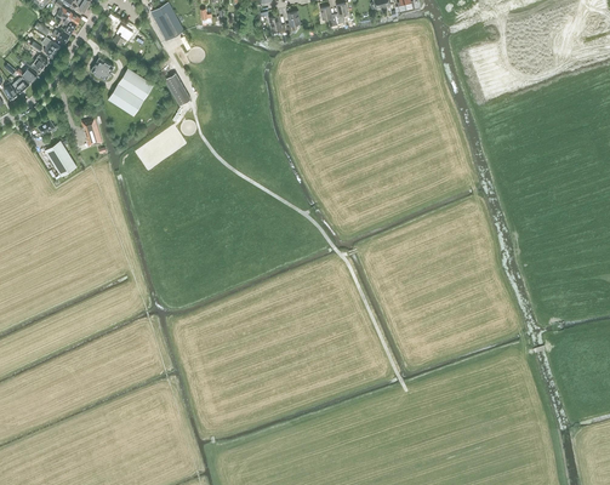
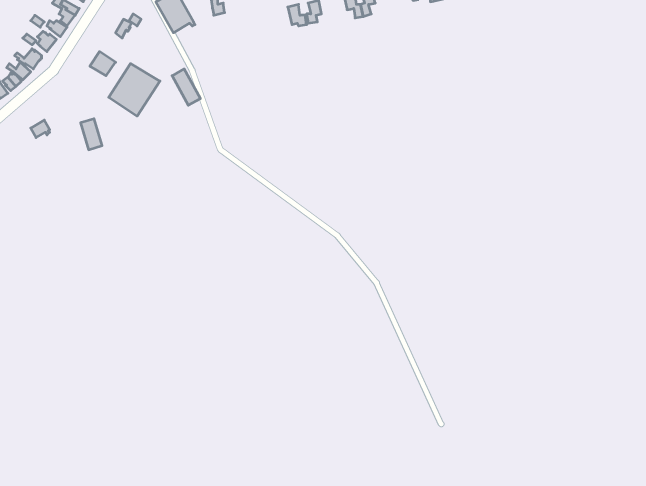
building: [44,141,75,176] -> none

